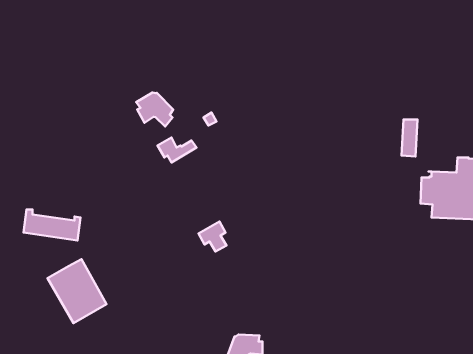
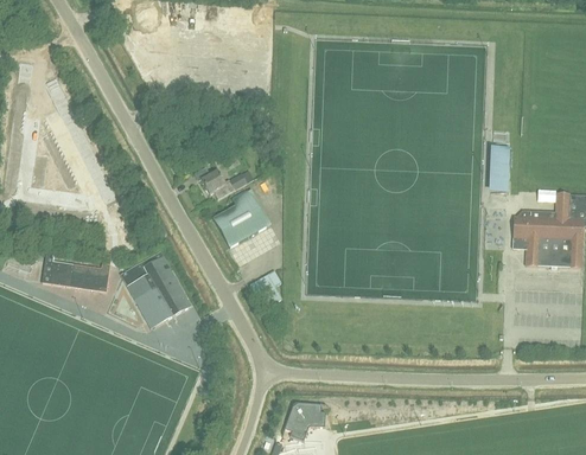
building: [136,92,173,127] -> none
building: none -> [214,190,267,245]
building: [48,259,107,323] -> [120,250,190,326]

